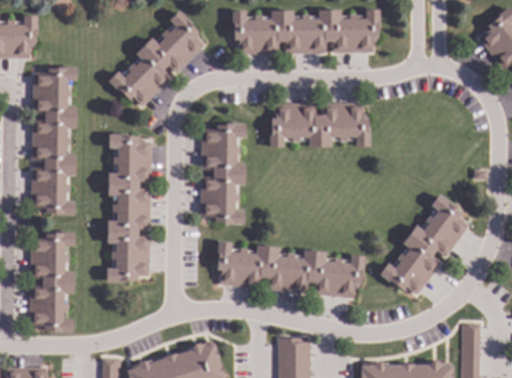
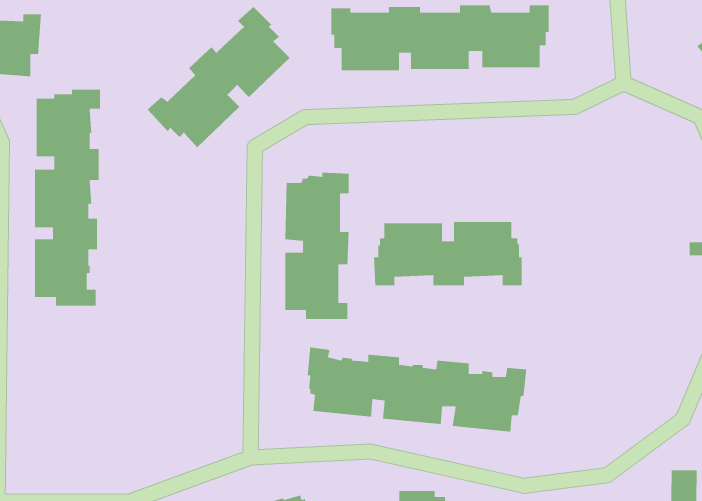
building: [268,103,369,147] -> [373,221,523,286]
building: [106,134,151,281] -> none
building: [378,194,469,295] -> none
building: [29,232,73,333] -> none

